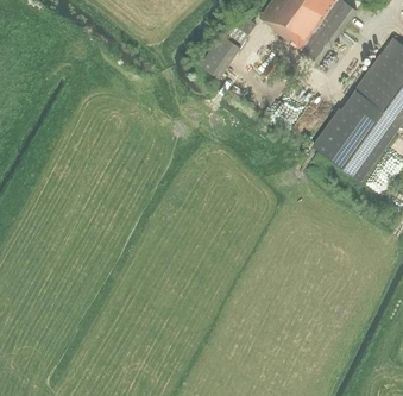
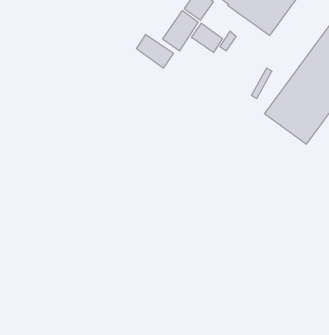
building: none -> [192,23,222,53]
building: none -> [137,34,173,68]

